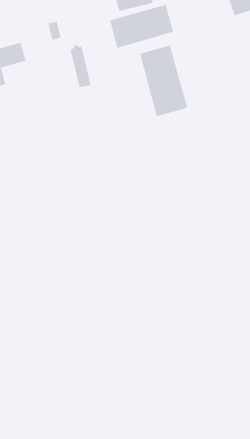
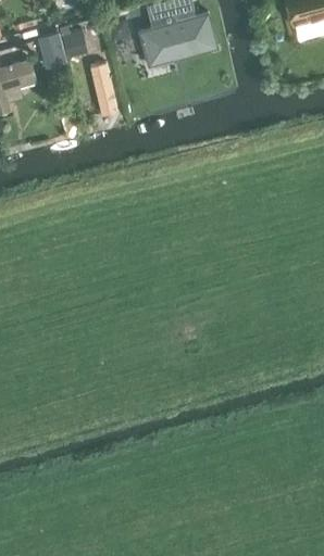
building: none -> [37,33,66,68]
building: [139,45,188,117] -> none

